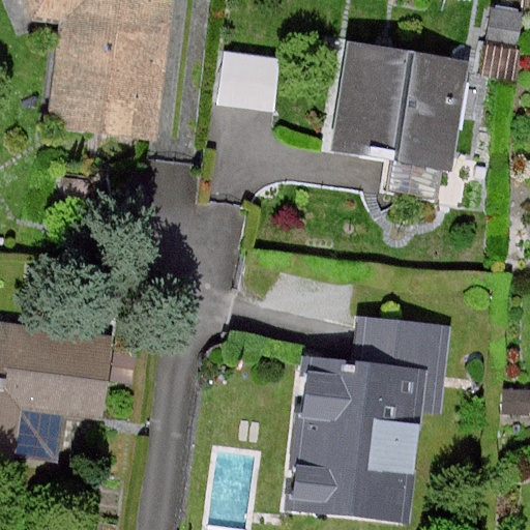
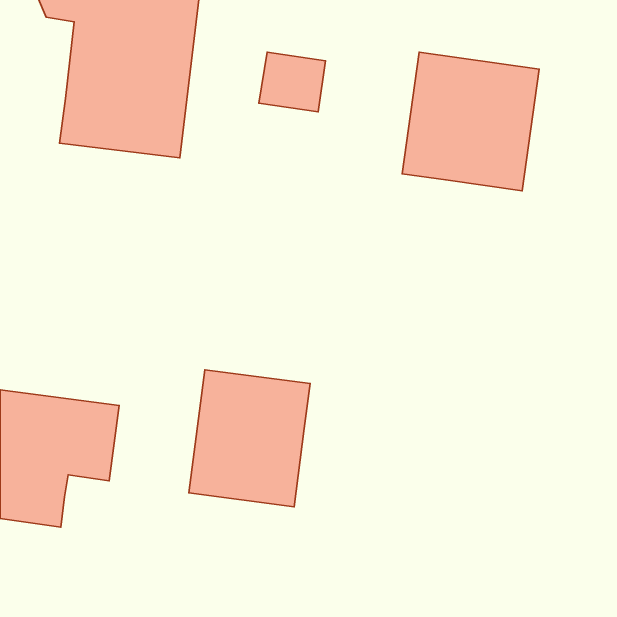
building: none -> [189,370,310,507]
building: [292,316,443,514] -> none

